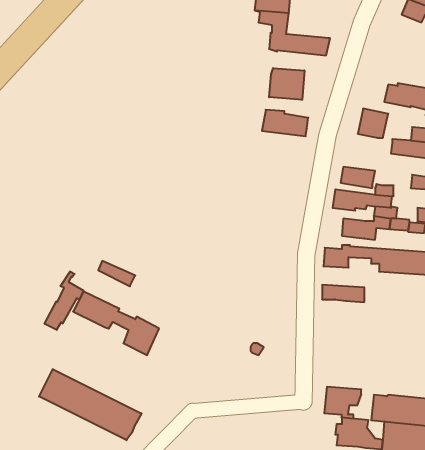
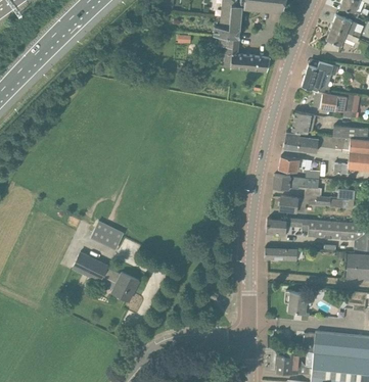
building: none -> [302,61,338,92]
building: [269,68,304,100] -> none
building: [262,110,308,136] -> [283,132,319,152]
building: [45,271,84,330] -> none
building: [39,369,142,440] -> none
building: [324,387,361,419] -> [287,291,316,316]

